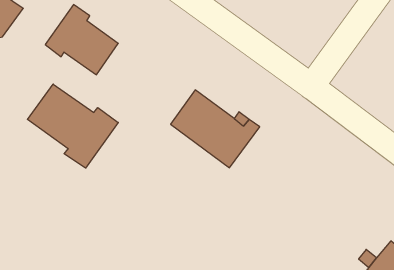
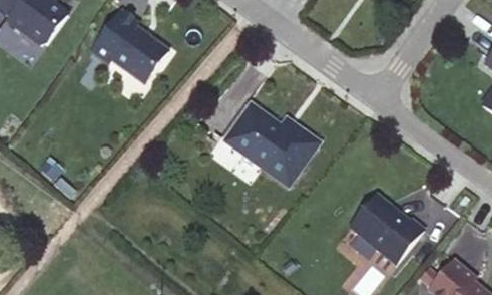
building: [27,84,118,168] -> none
building: none -> [345,192,420,263]

